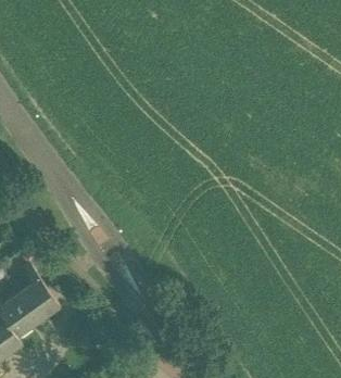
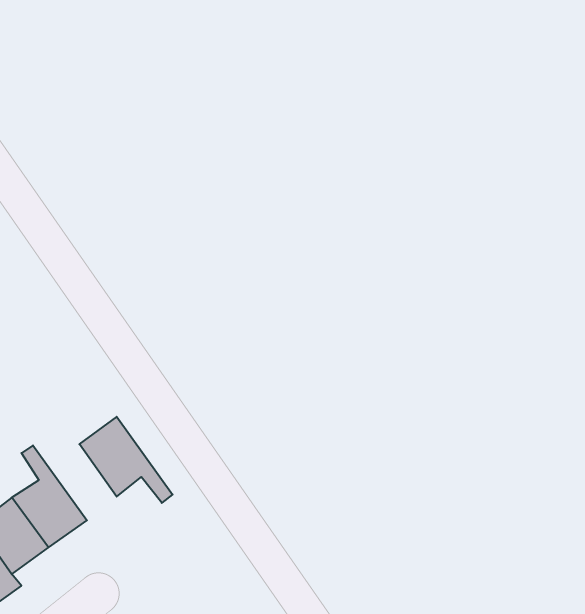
building: none -> [79,417,173,503]

